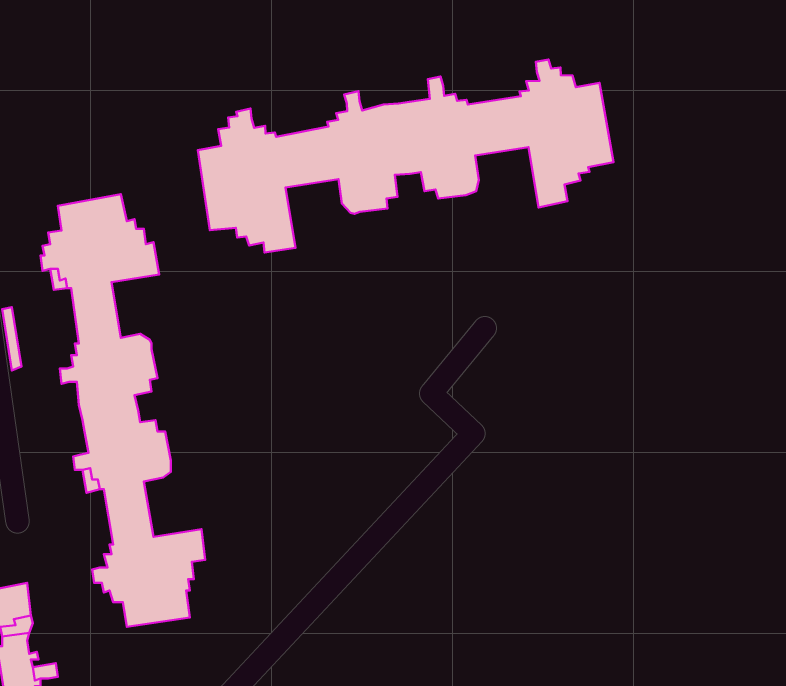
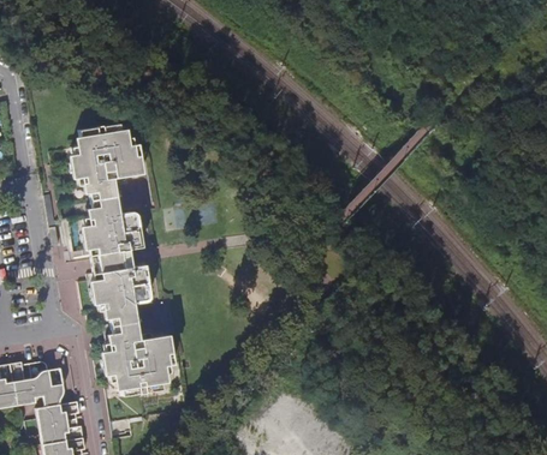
building: [198,59,613,252] -> none

